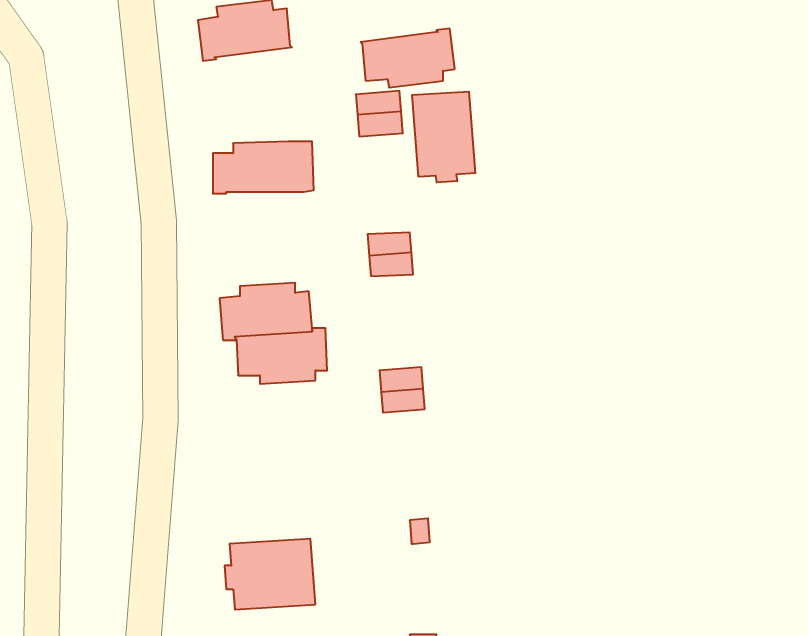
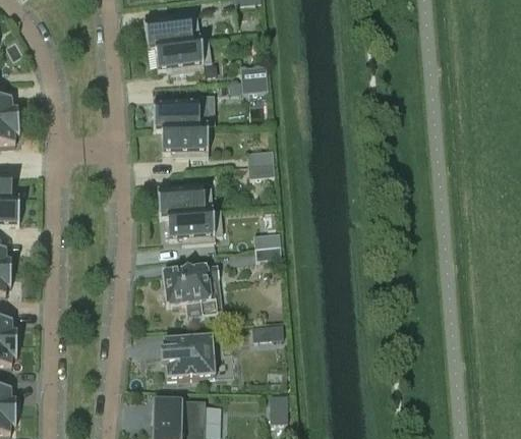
building: [361,29,455,88] -> [154,37,211,72]
building: [412,92,475,183] -> none
building: none -> [161,126,208,157]
building: none -> [161,265,219,316]

